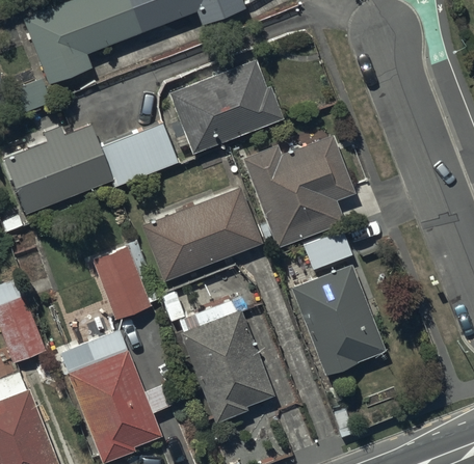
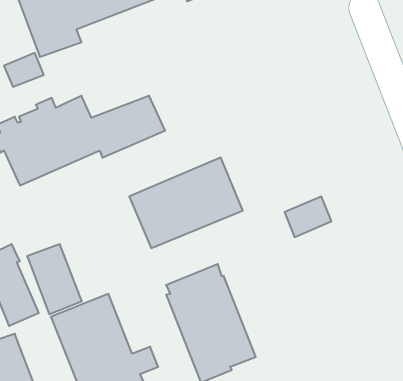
building: [169,57,283,153] -> none
building: [244,135,357,246] -> none
building: [94,246,151,319] -> [27,244,82,314]
building: [290,265,386,375] -> none

